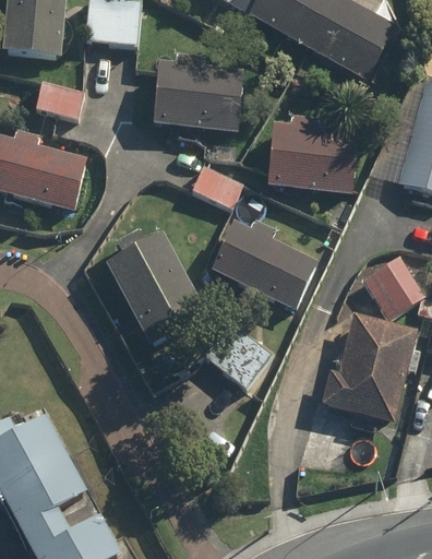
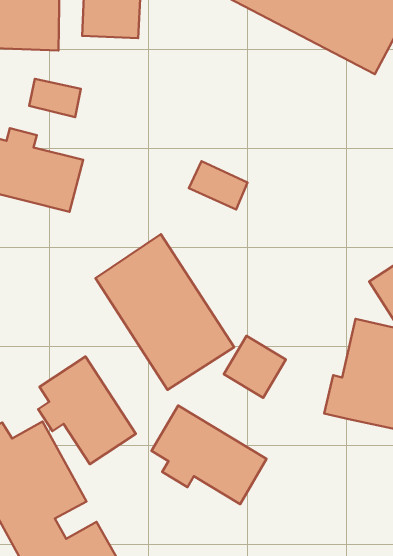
building: [152,52,242,128] -> none
building: [266,118,356,189] -> none
building: [208,221,317,310] -> none
building: none -> [38,356,136,464]
building: none -> [152,406,267,504]

